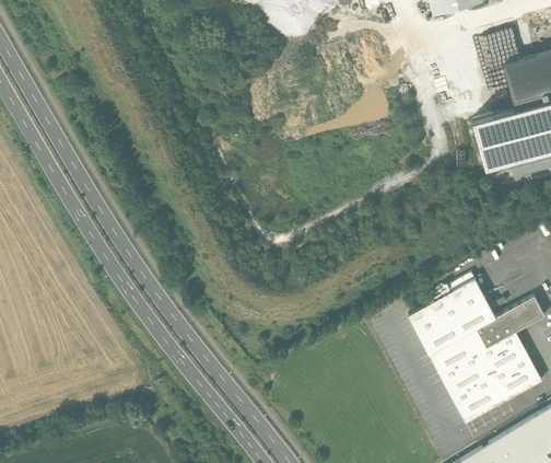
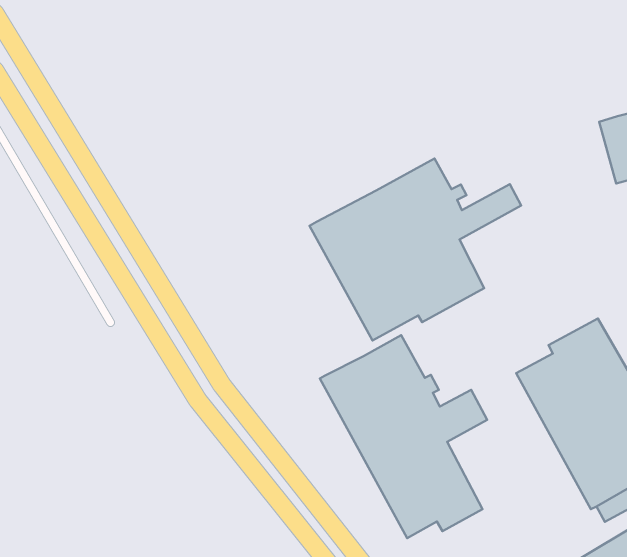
building: none -> [310,159,521,341]
building: none -> [320,335,487,538]

